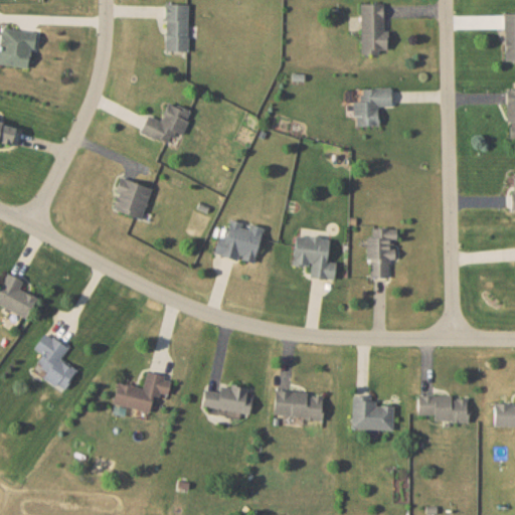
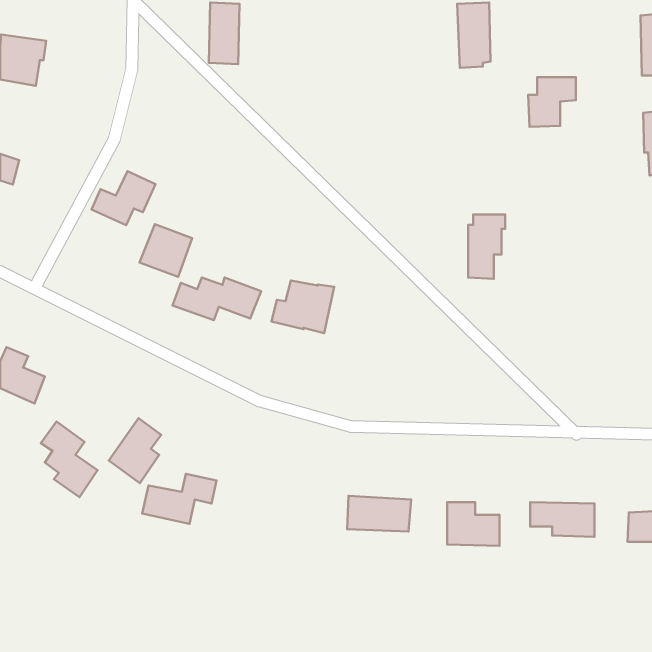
building: [355,89,392,128] -> [528,77,576,127]
building: [142,103,192,145] -> [92,171,156,225]
building: none -> [173,277,261,320]
building: [369,229,398,280] -> [468,215,505,279]
building: [294,236,337,281] -> none
building: none -> [109,418,161,483]
building: [203,385,252,414] -> none

